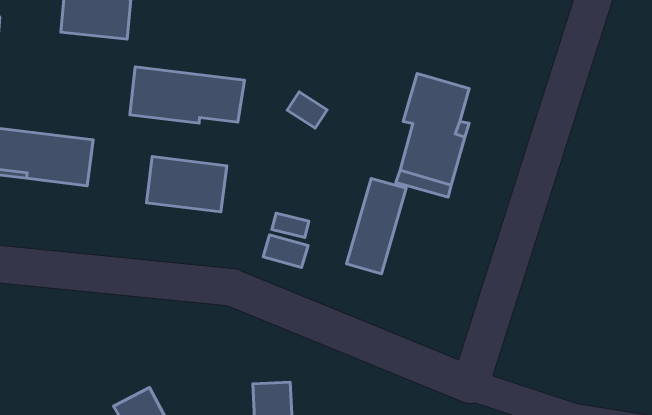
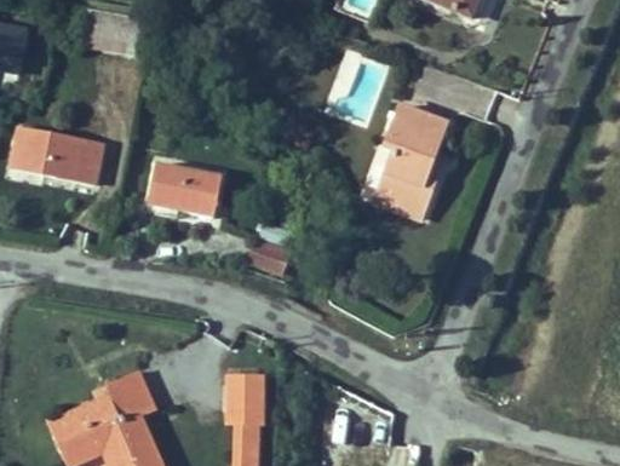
building: [130,67,244,123] -> none
building: [347,179,406,274] -> none

